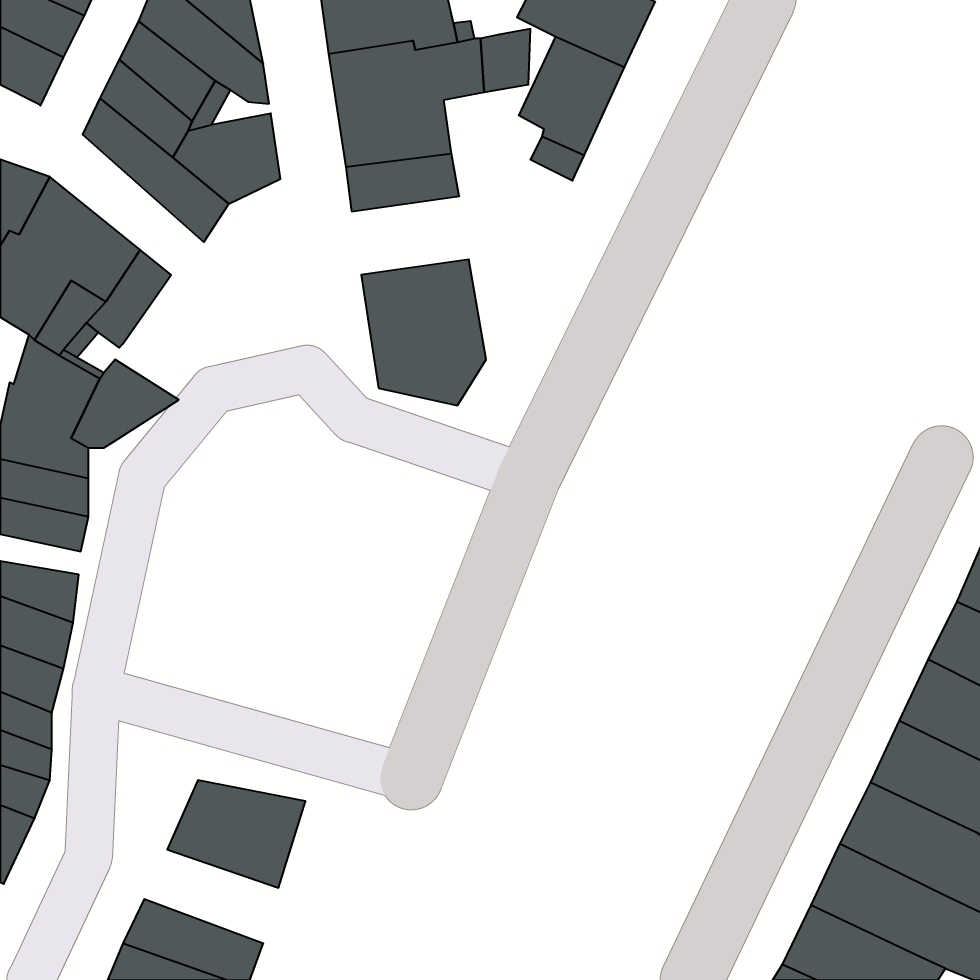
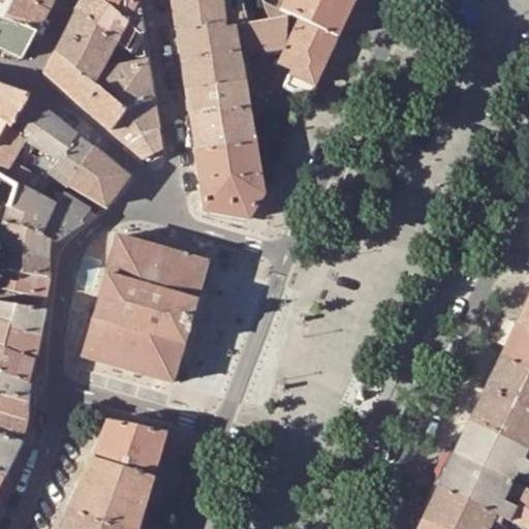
building: none -> [111,96,161,162]
building: none -> [190,105,253,148]
building: none -> [67,148,127,207]
building: none -> [82,236,206,381]
building: none -> [79,457,151,507]

